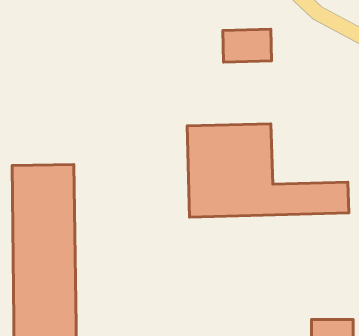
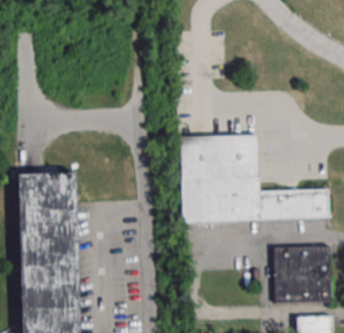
building: [223,29,272,62] -> none
building: none -> [272,246,330,304]

